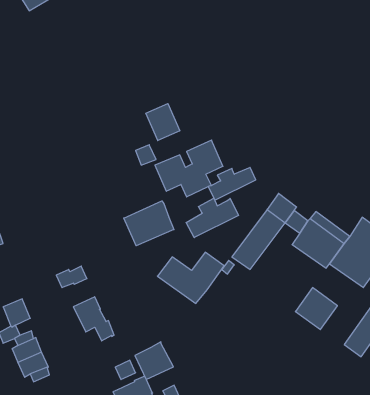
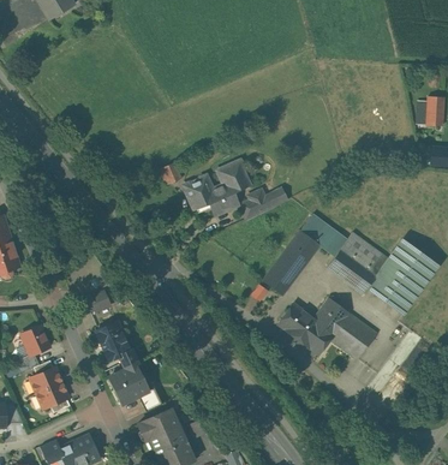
building: [146,104,180,141] -> none
building: [186,198,239,238] -> none
building: [124,201,174,246] -> none
building: [157,252,224,303] -> [277,298,348,352]
building: [135,342,173,379] -> [108,363,149,403]

